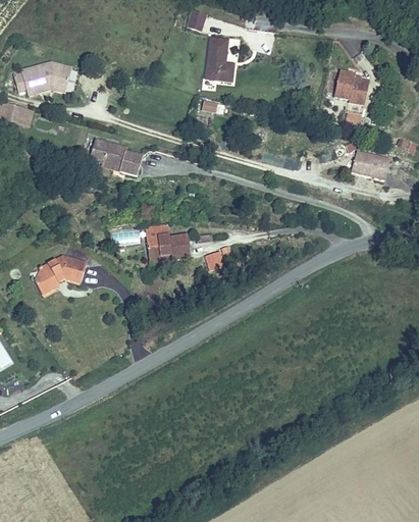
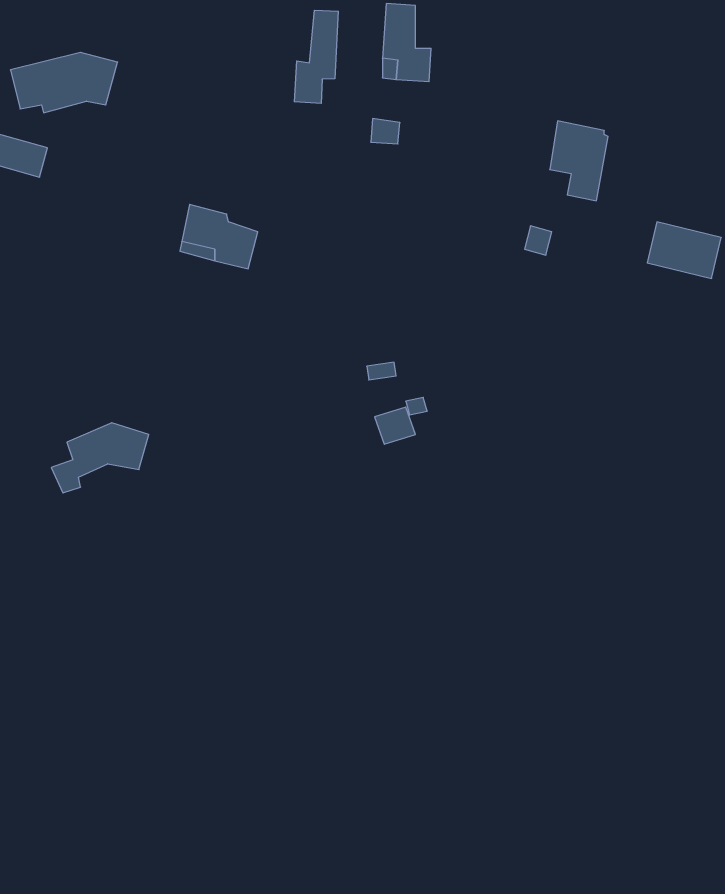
building: none -> [294,10,338,103]
building: [333,71,364,113] -> [550,121,608,201]
building: [149,219,193,254] -> none

